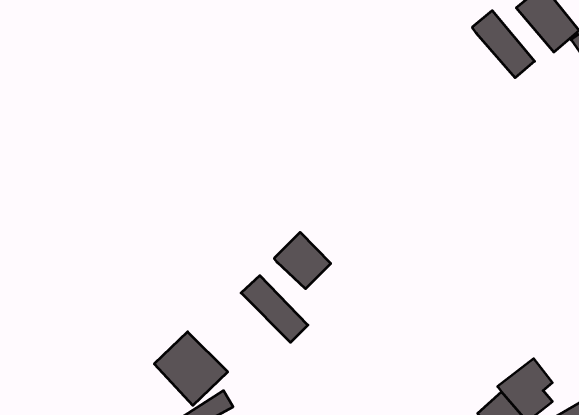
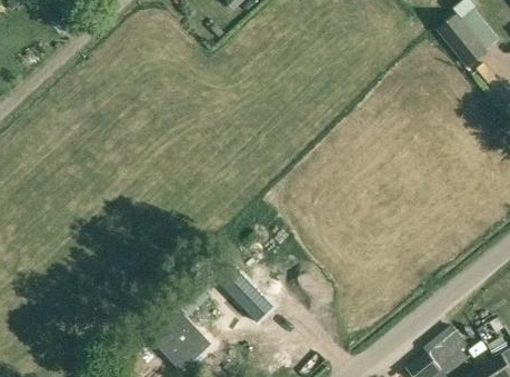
building: [473,11,535,78] -> none
building: [274,232,331,289] -> none

